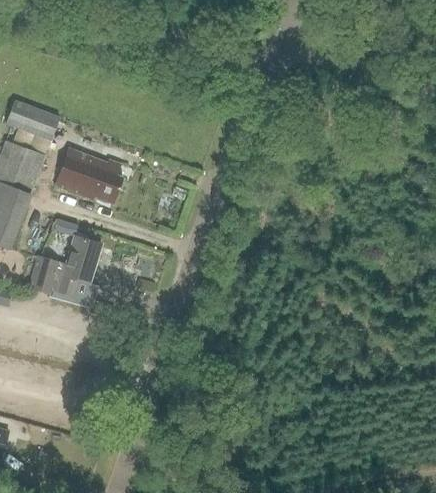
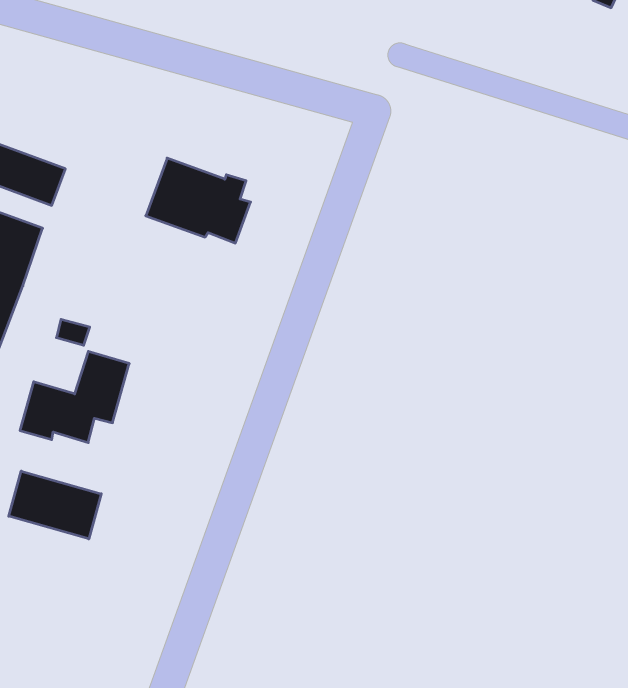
building: [54,148,123,204] -> [146,158,251,243]
building: none -> [9,471,101,539]

